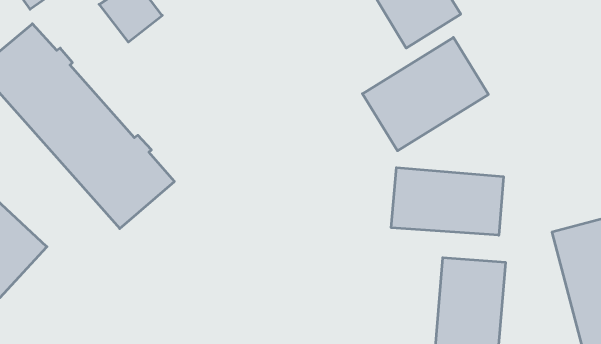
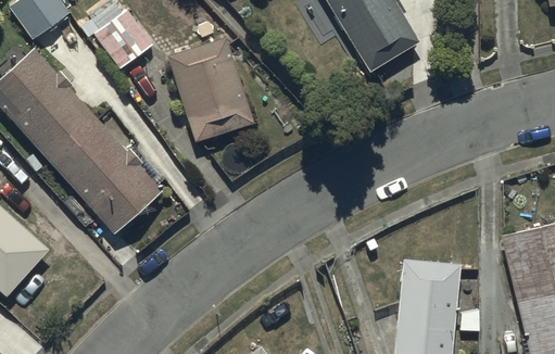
building: none -> [167,38,254,142]
building: [362,37,488,151] -> none
building: [391,168,503,235] -> none

